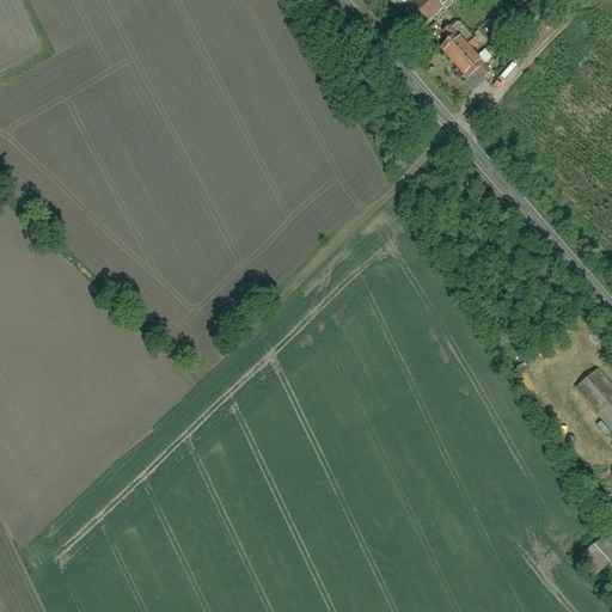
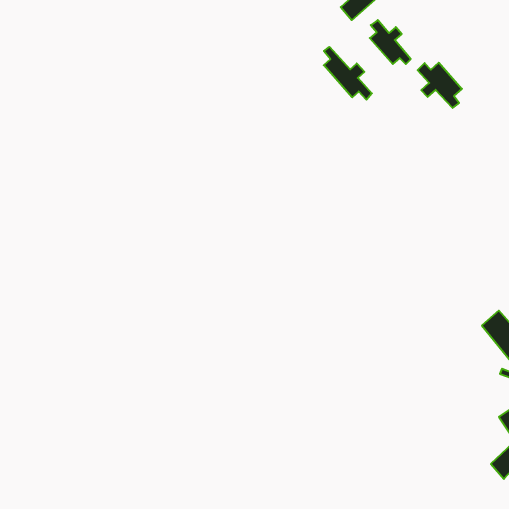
building: none -> [324,47,372,100]
building: none -> [418,63,462,108]

